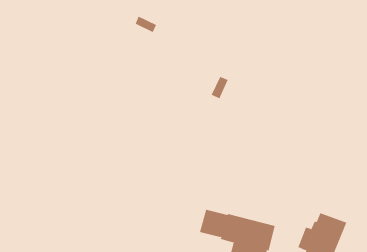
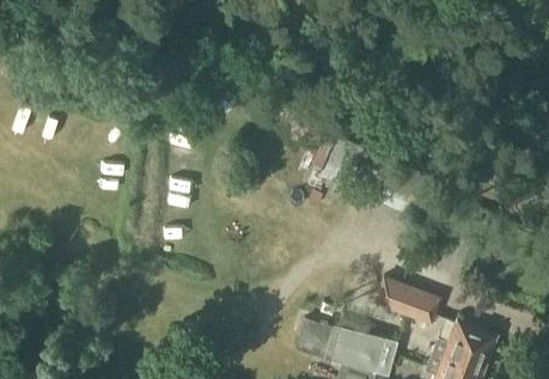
building: none -> [373,275,443,324]

